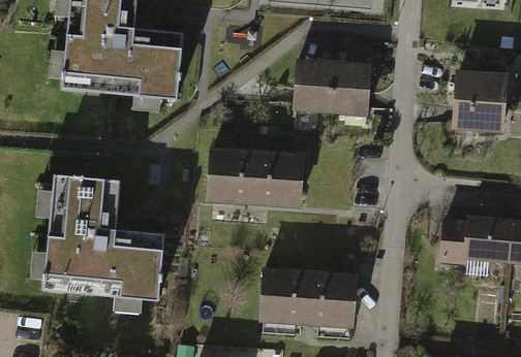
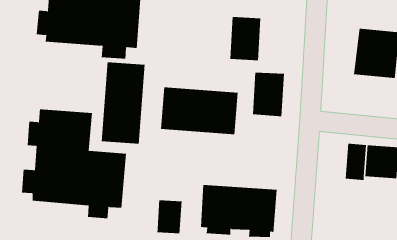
building: [332,59,373,116] -> [252,72,285,117]
building: none -> [101,61,145,145]
building: none -> [157,199,182,234]

